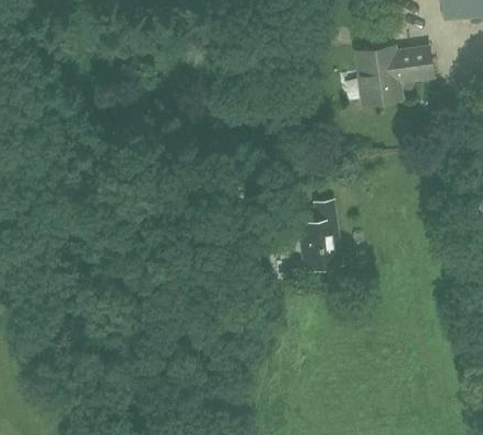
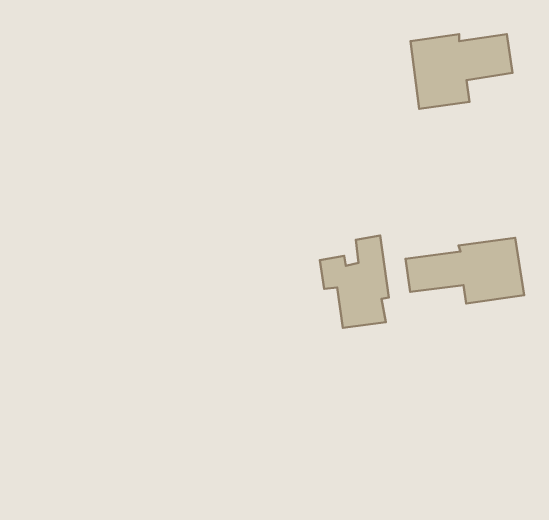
building: none -> [406,238,524,303]

